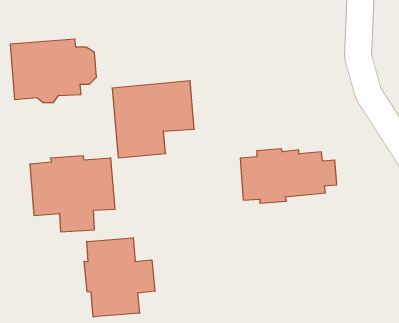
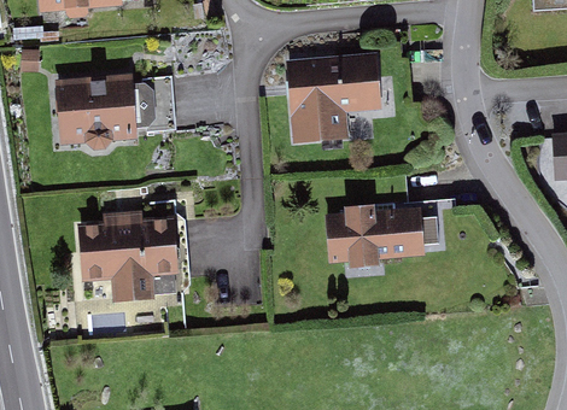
building: [112,81,194,158] -> [287,53,384,144]
building: [84,238,155,317] -> none

